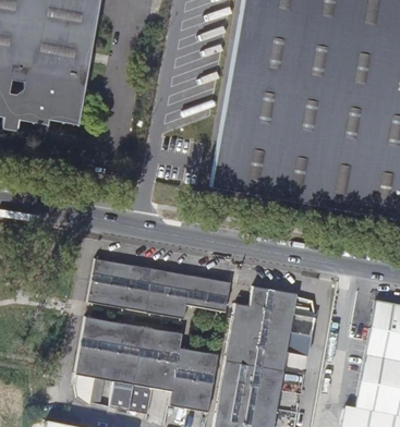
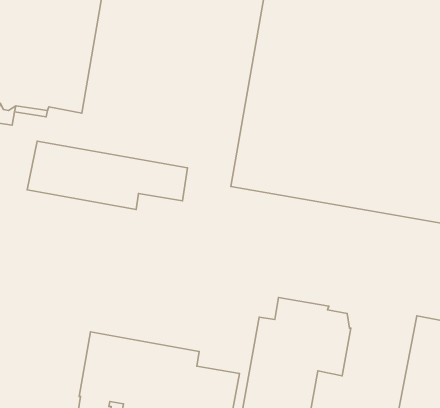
building: [87,258,230,319] -> [27,141,188,209]

